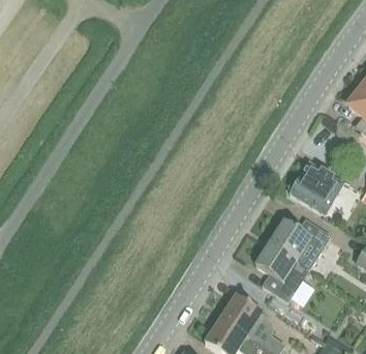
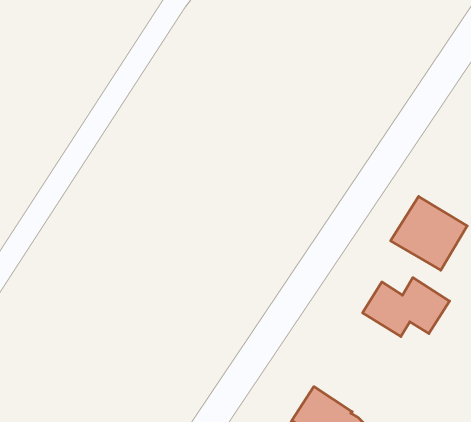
building: [255,243,302,302] -> none

